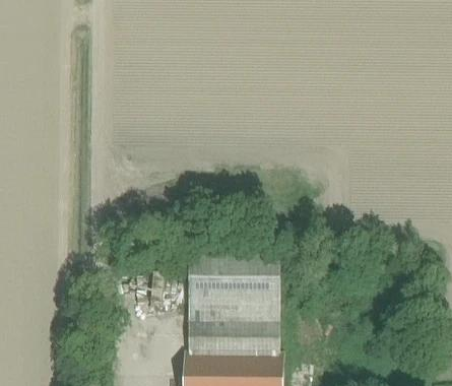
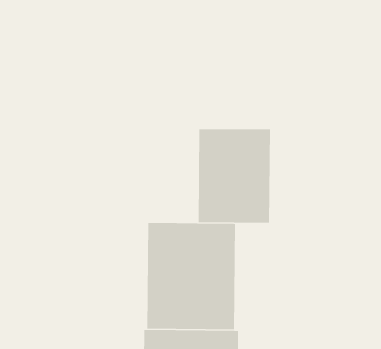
building: none -> [198,128,271,223]

